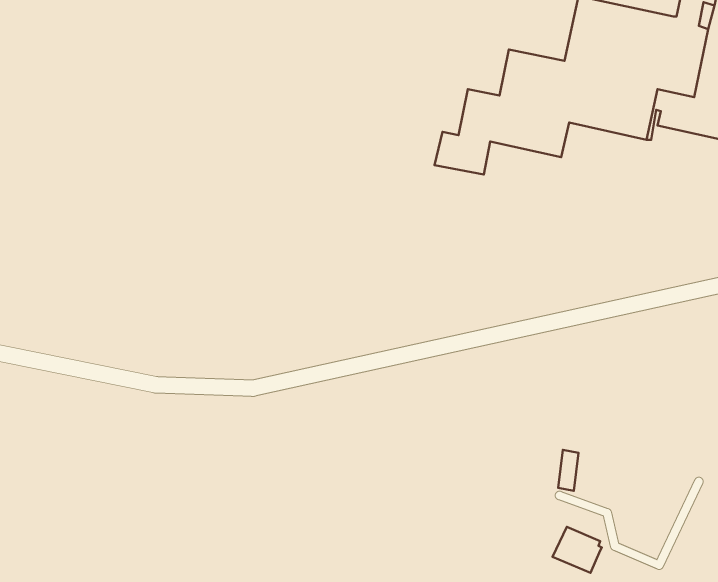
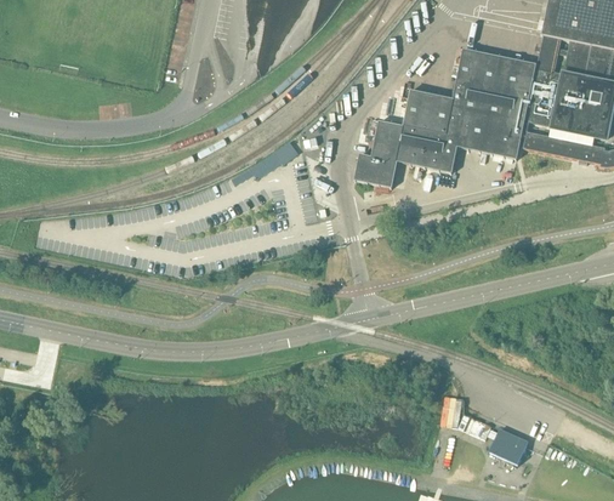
building: [553,527,602,573] -> [490,427,528,462]

